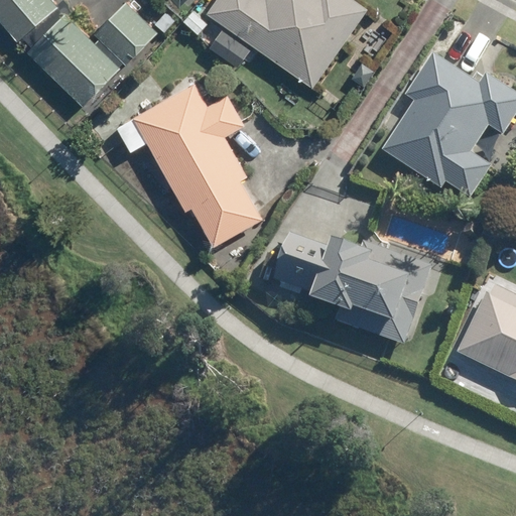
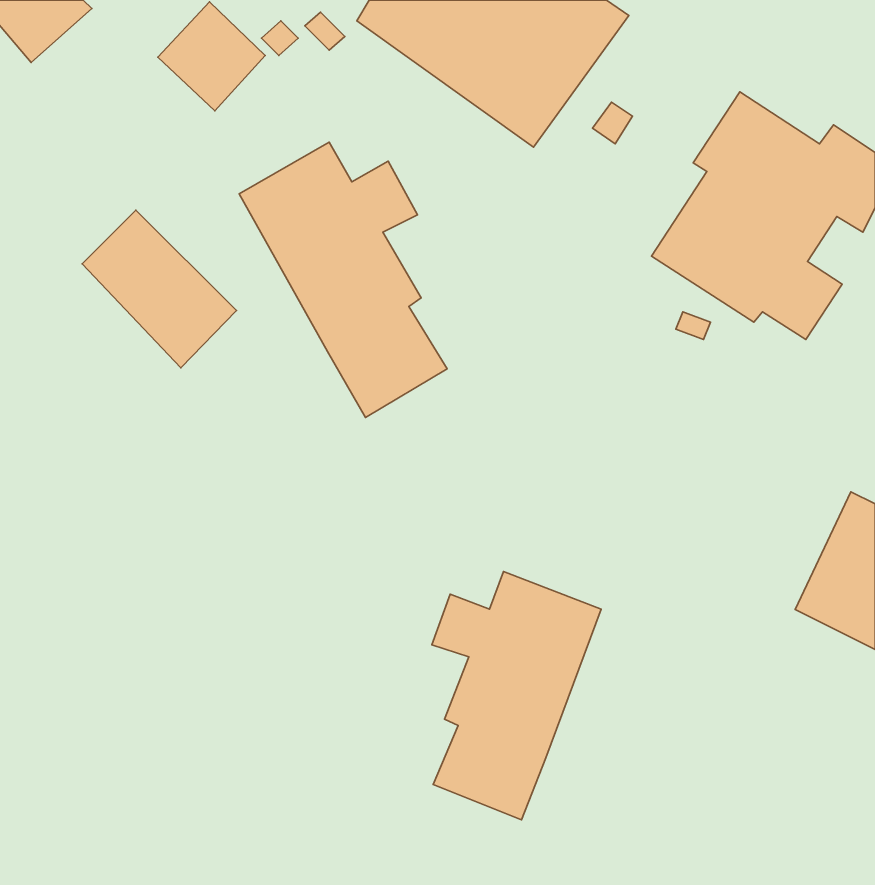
building: [26,7,116,99] -> [82,210,236,368]
building: [275,235,432,346] -> none
building: none -> [432,572,601,820]

